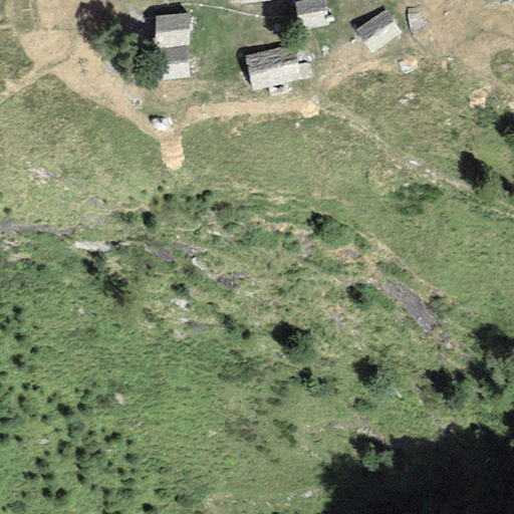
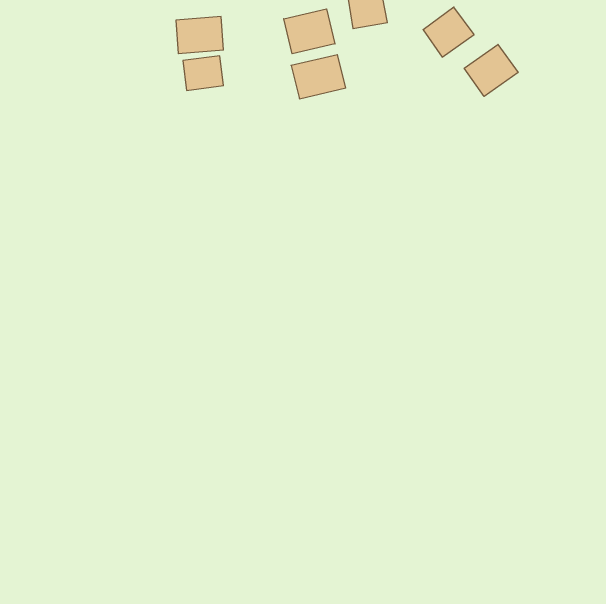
building: none -> [284,9,335,54]
building: none -> [464,44,518,96]

